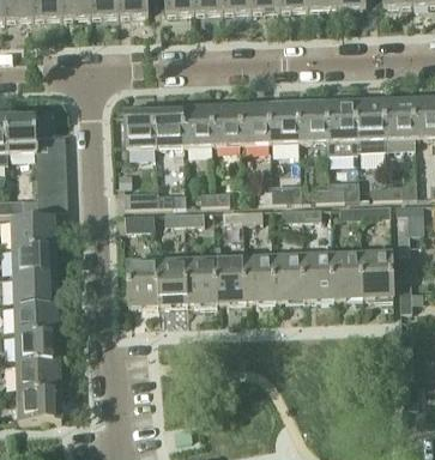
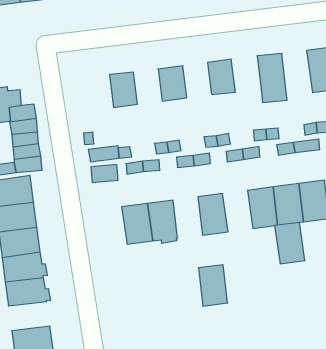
building: [356,101,387,153] -> none
building: [297,102,328,141] -> none
building: [125,104,157,147] -> none
building: [241,104,271,143] -> none
building: [183,107,213,145] -> none
building: [273,255,304,301] -> [275,222,305,264]
building: [216,258,246,303] -> [198,265,228,306]
building: [126,261,158,305] -> none
building: [16,362,61,392] -> none

